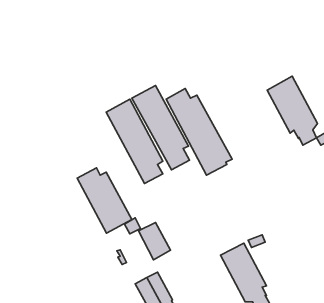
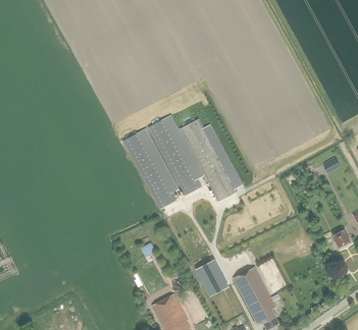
building: [267,76,318,145] -> none
building: [77,168,132,233] -> none
building: [138,222,170,260] -> [196,262,226,297]

